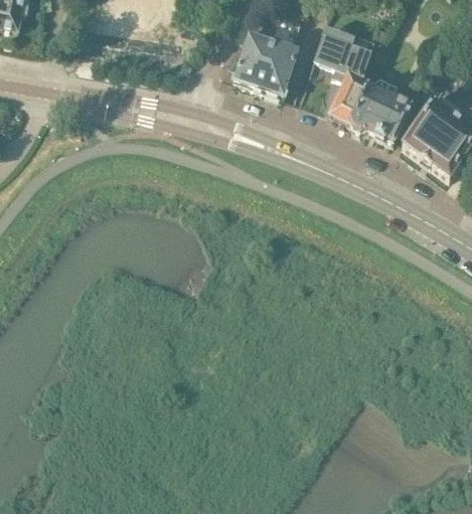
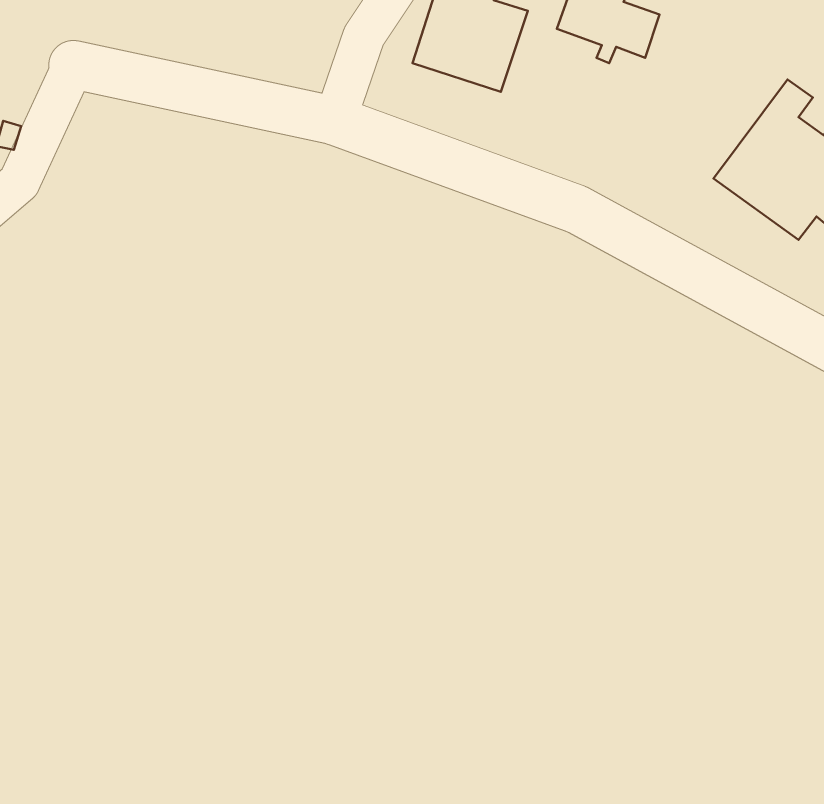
building: [329,67,413,140] -> none

